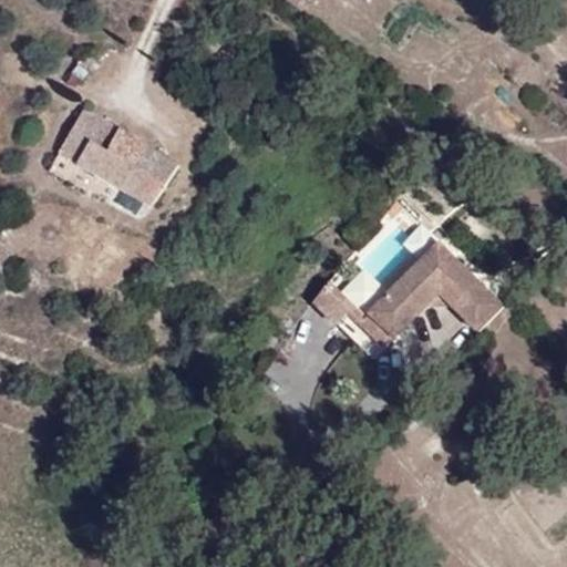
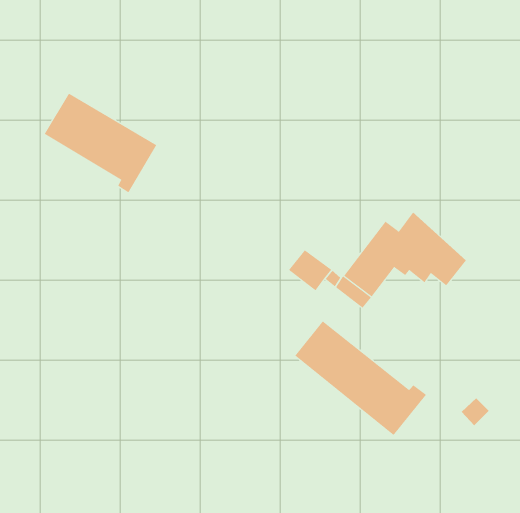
building: none -> [295,320,427,436]

